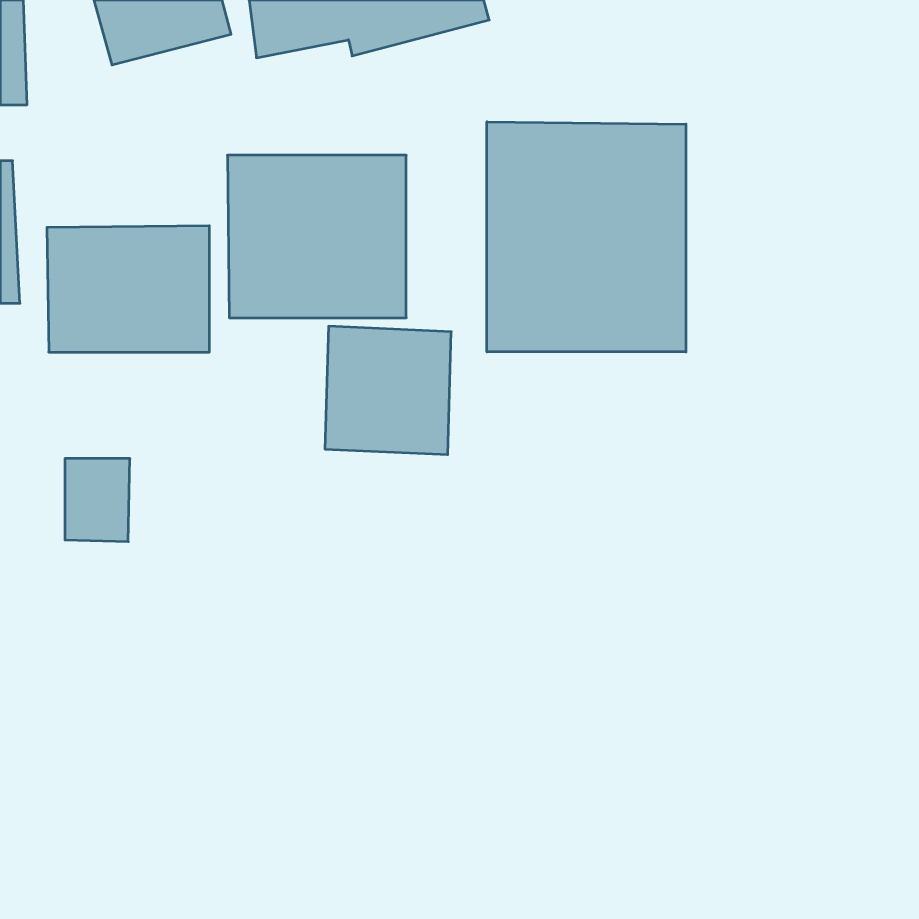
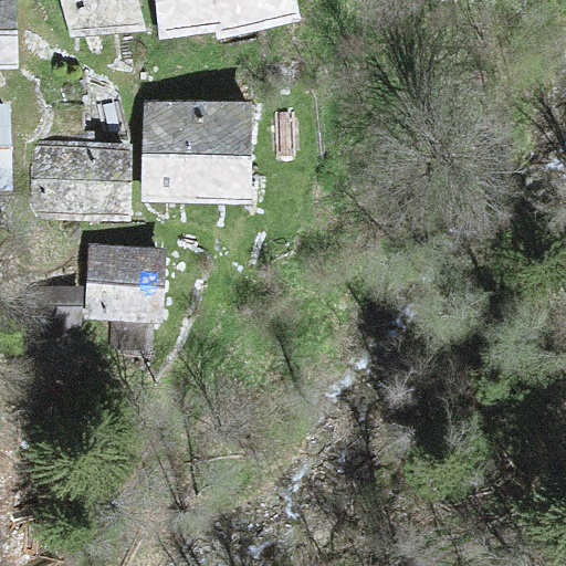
building: [487,122,686,352] -> none
building: [325,326,451,455] -> [87,241,165,319]

